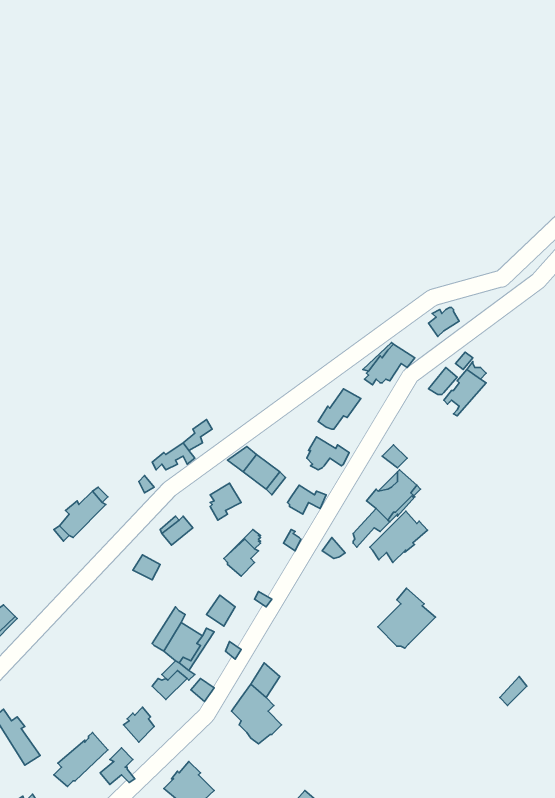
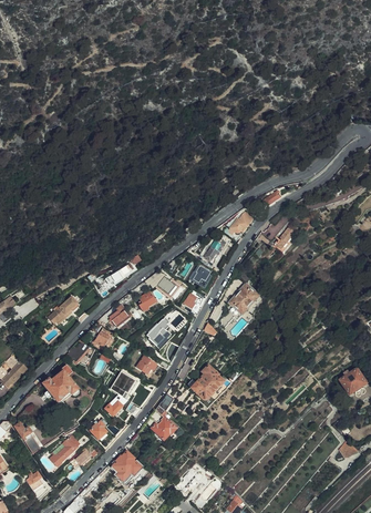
building: [370,511,428,562] -> none
building: [378,588,436,648] -> [190,366,224,400]
building: none -> [42,365,79,402]

